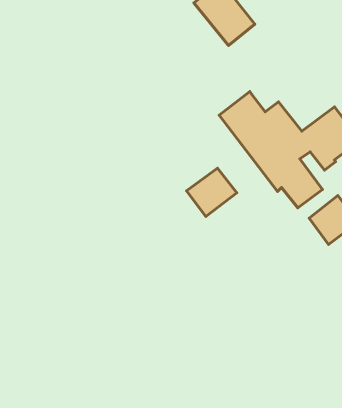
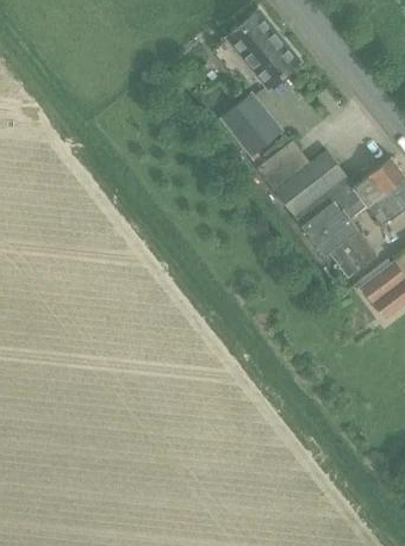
building: none -> [222,95,279,154]
building: [186,168,237,216] -> none

